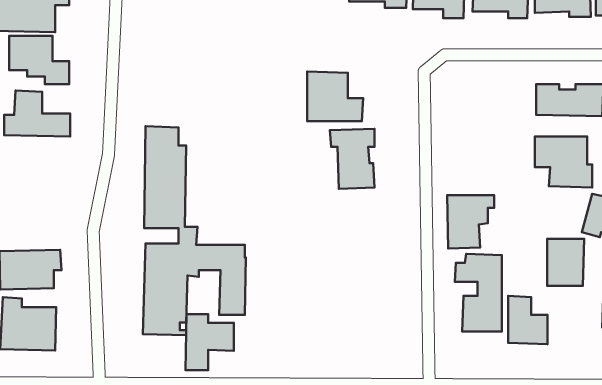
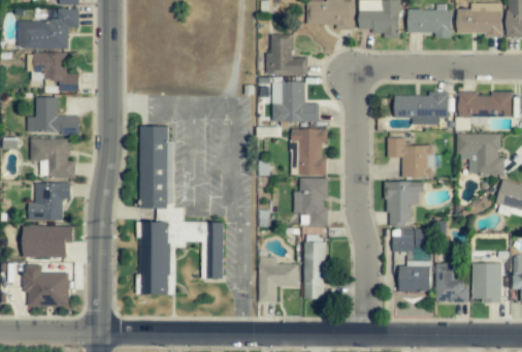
building: none -> [266,34,308,73]
building: none -> [394,91,449,124]
building: none -> [30,137,75,177]
building: none -> [387,137,438,177]
building: none -> [293,178,328,225]
building: none -> [28,182,71,220]
building: [547,239,584,286] -> [472,262,502,300]
building: none -> [303,233,327,298]
building: [185,314,234,370] -> [258,256,297,301]

